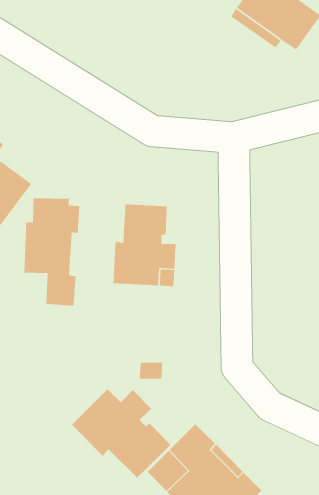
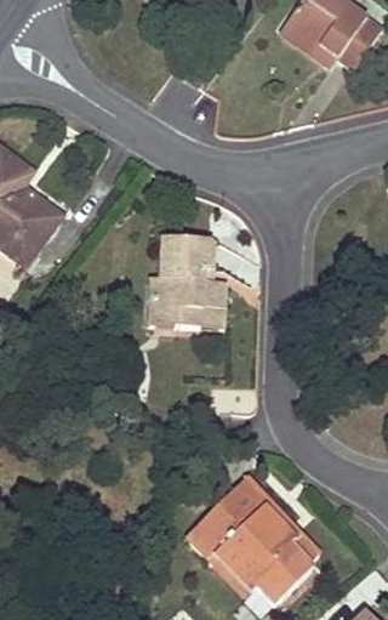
building: [24,197,80,307] -> none
building: [71,388,171,479] -> none

